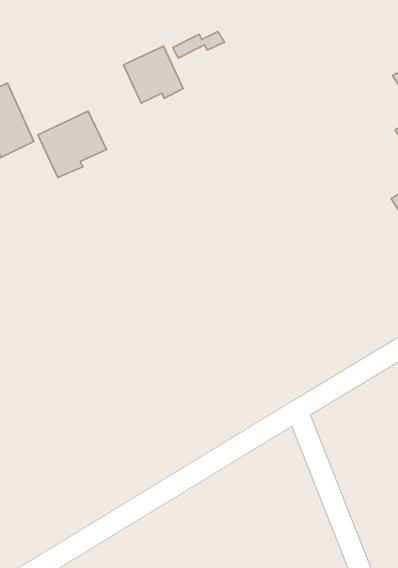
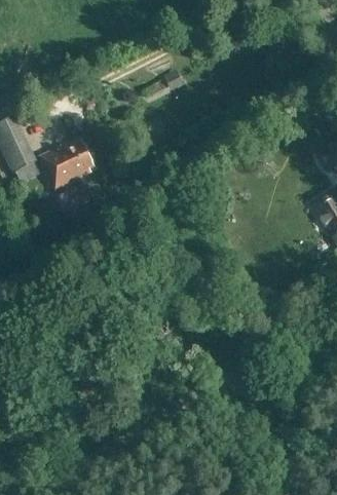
building: [124,46,183,103] -> none

